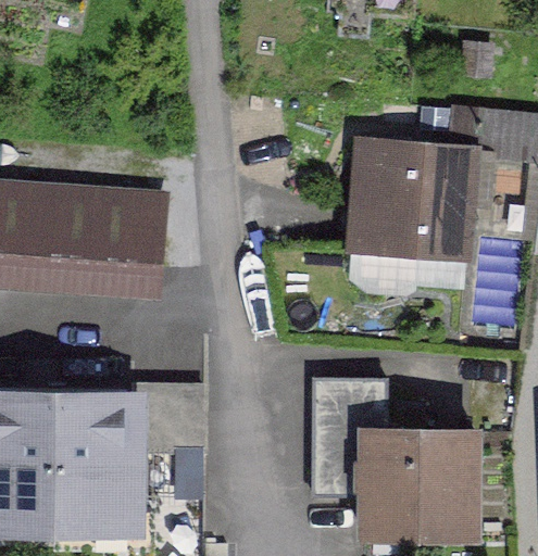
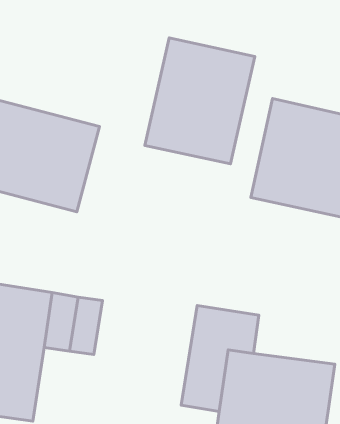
building: none -> [145,38,255,164]

